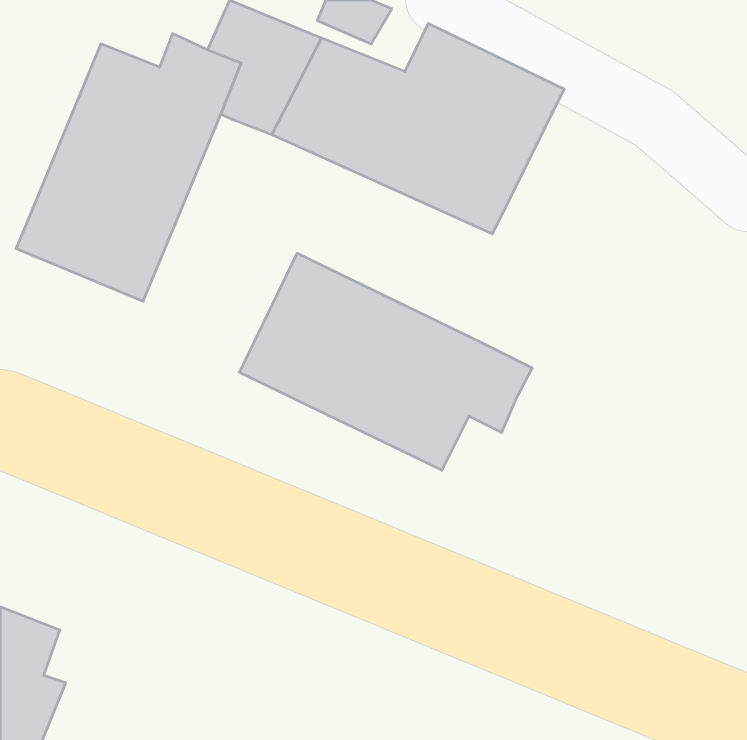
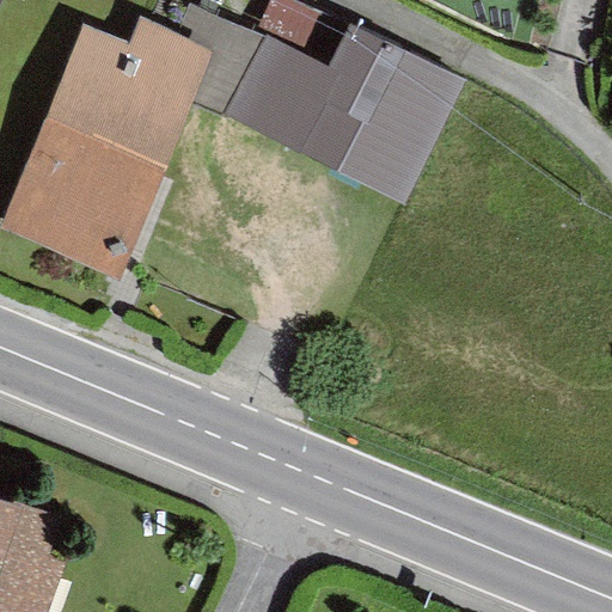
building: [239,253,532,470] -> none

